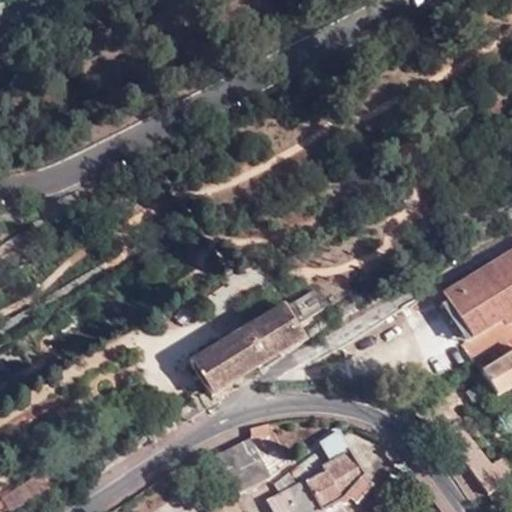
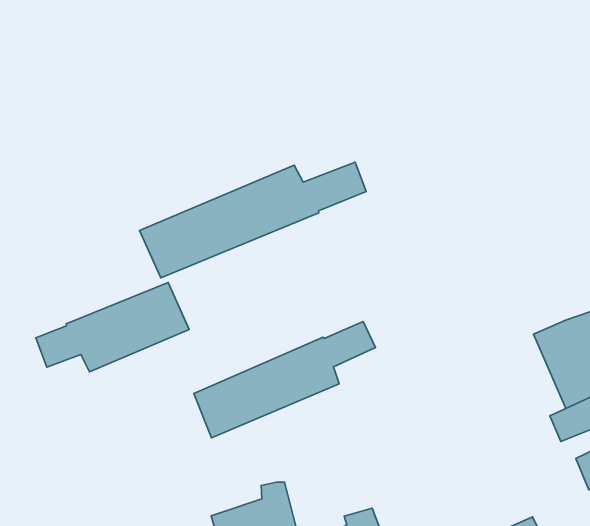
building: none -> [140,162,366,278]
building: none -> [36,282,189,372]

